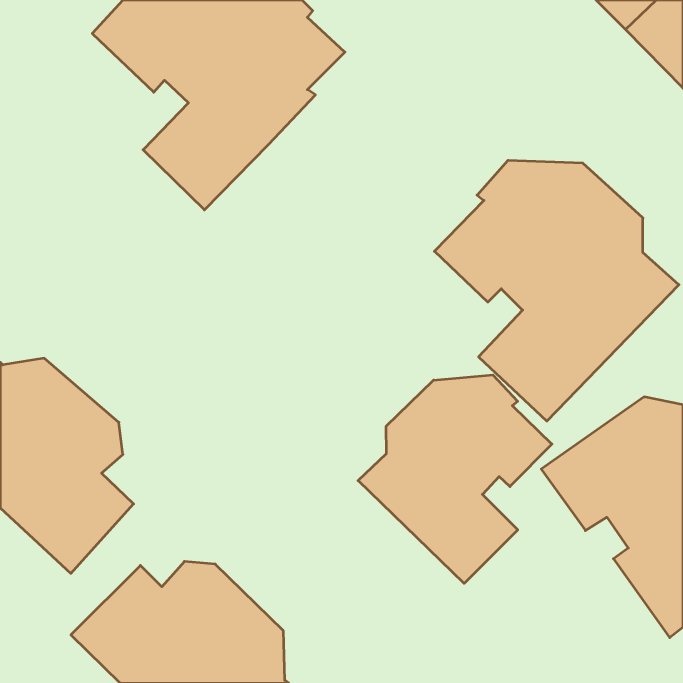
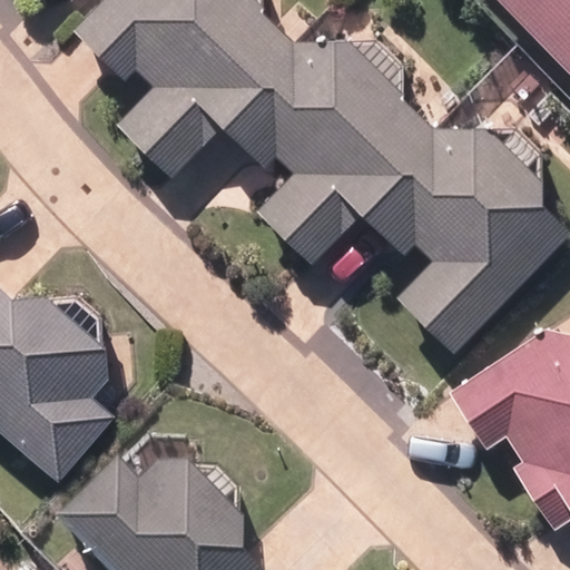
building: none -> [224,43,423,262]
building: [358,375,552,583] -> none

